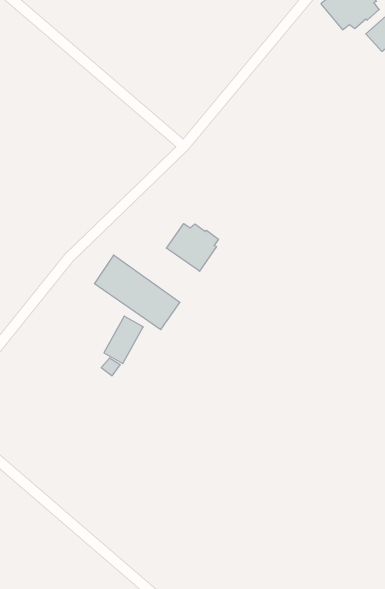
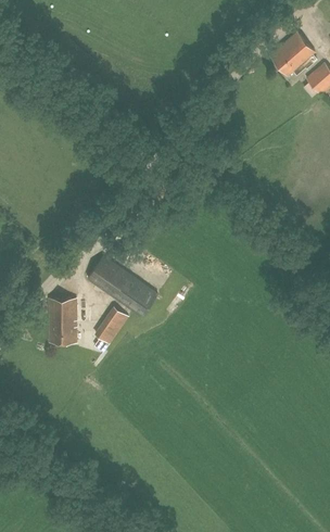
building: [166,224,218,271] -> none
building: none -> [48,299,76,342]

